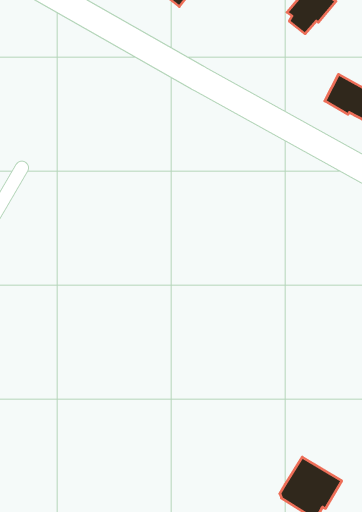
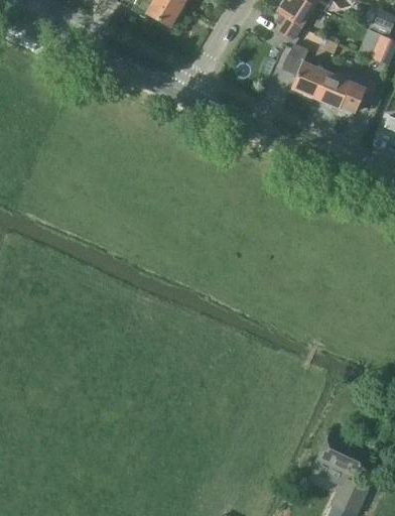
building: none -> [282,42,326,98]

